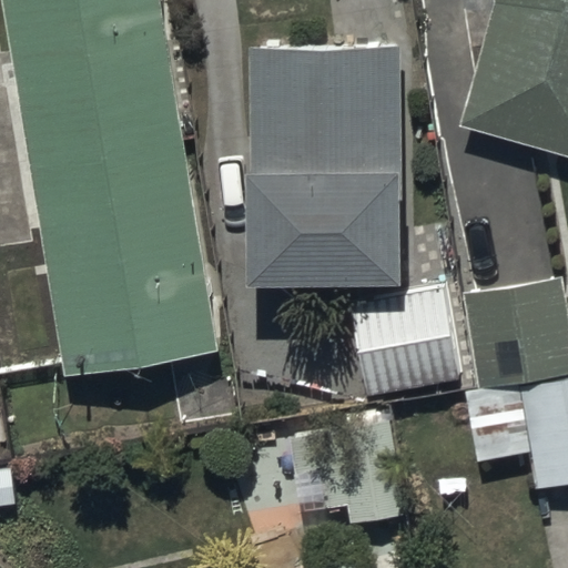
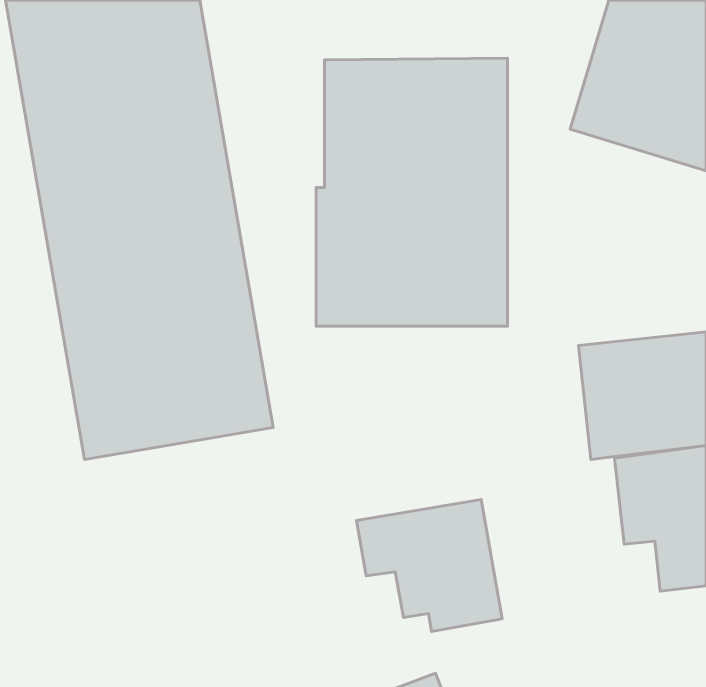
building: [344,290,453,395] -> none

